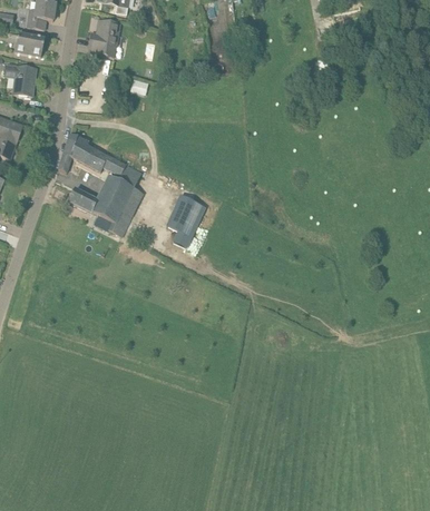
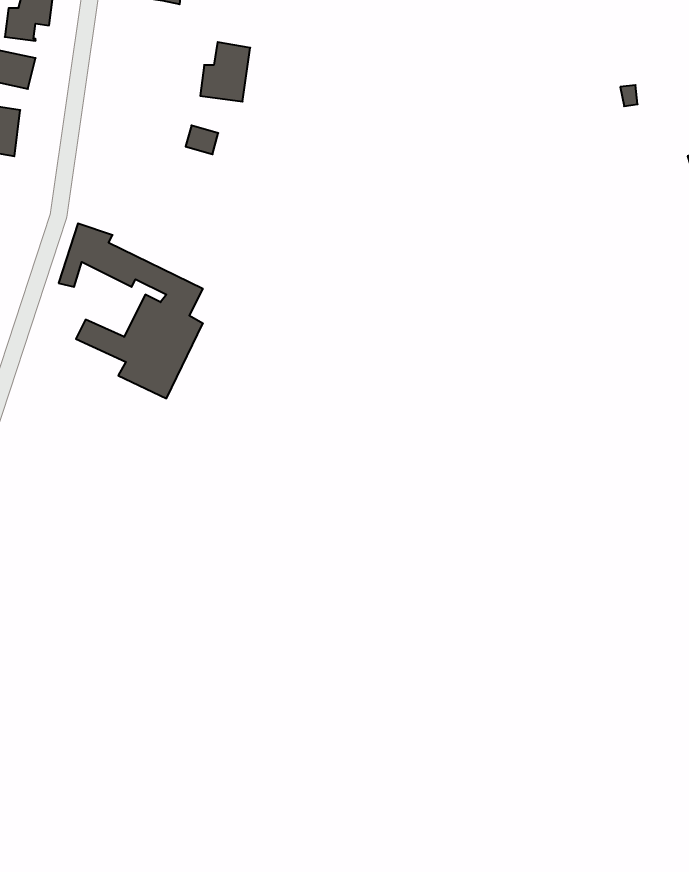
building: [89,20,118,55] -> [200,42,250,102]
building: [166,195,206,247] -> none

